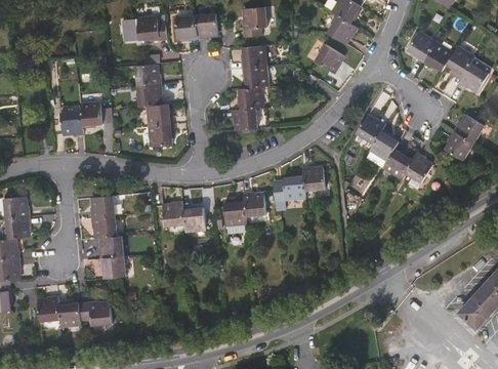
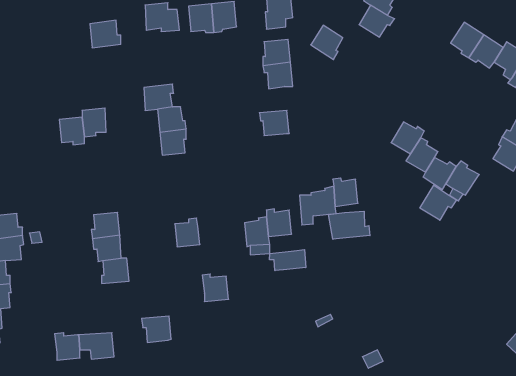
building: [315,40,343,71] -> [311,25,343,60]
building: [132,60,160,85] -> [90,20,121,48]
building: [237,84,262,108] -> none
building: none -> [420,185,456,220]
building: none -> [328,211,370,239]
building: [182,208,206,233] -> [202,274,229,302]
building: none -> [270,250,306,271]
building: [96,258,123,282] -> [142,316,171,342]
building: [34,298,56,324] -> none

